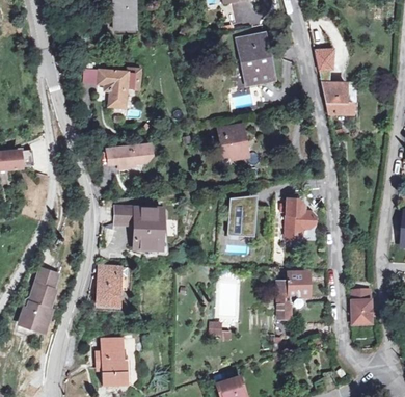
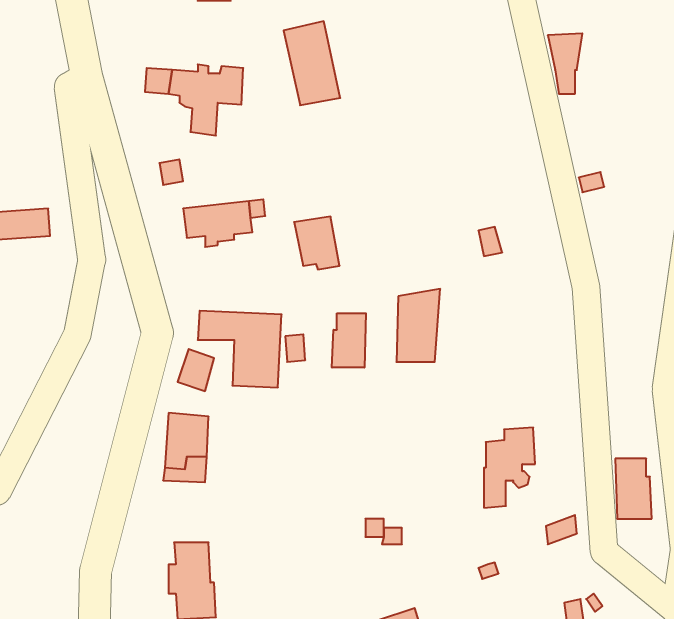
building: [239,34,271,82] -> [284,21,340,105]
building: [320,82,352,113] -> none
building: [219,126,245,156] -> [294,217,340,269]
building: [285,197,315,238] -> none
building: none -> [332,313,366,368]
building: [22,268,57,327] -> none

